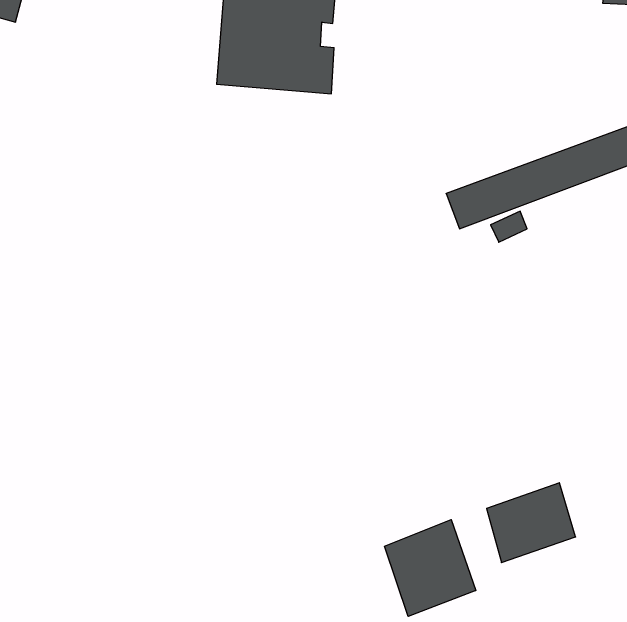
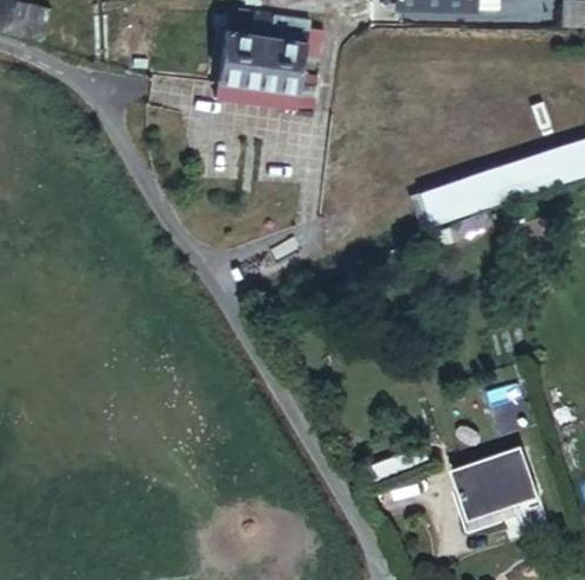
building: [385,520,476,616] -> none

